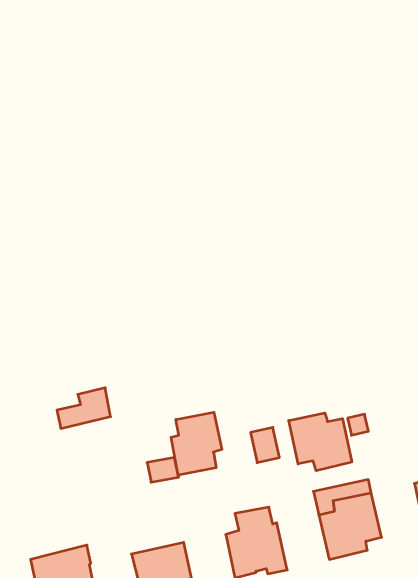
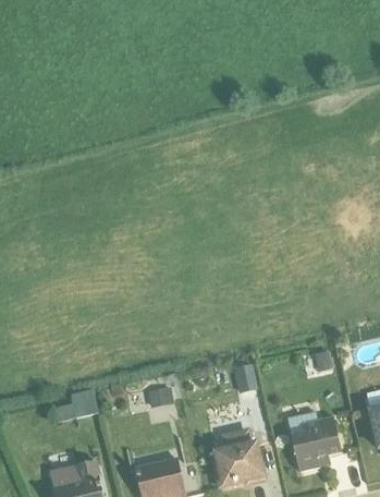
building: [57,388,111,428] -> [53,389,98,423]
building: [171,412,222,475] -> none
building: [289,413,352,471] -> none

